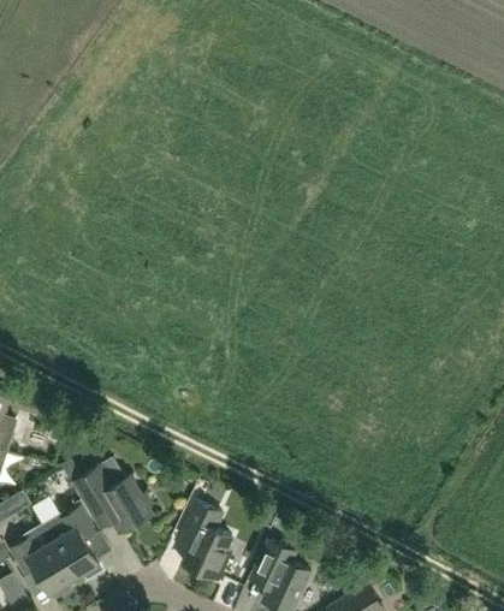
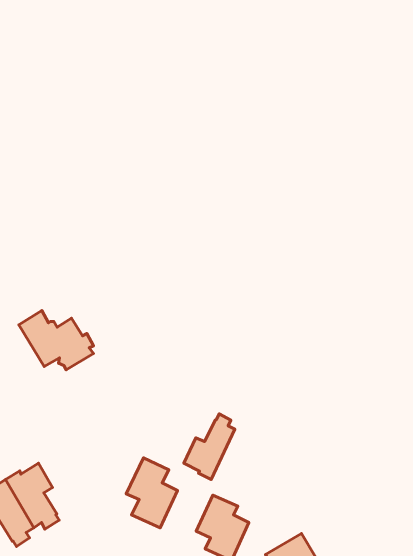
building: none -> [184,414,235,480]
building: [71,468,153,533] -> [19,311,93,370]

